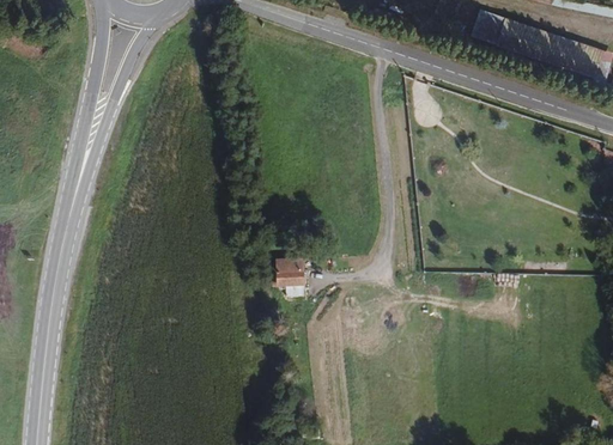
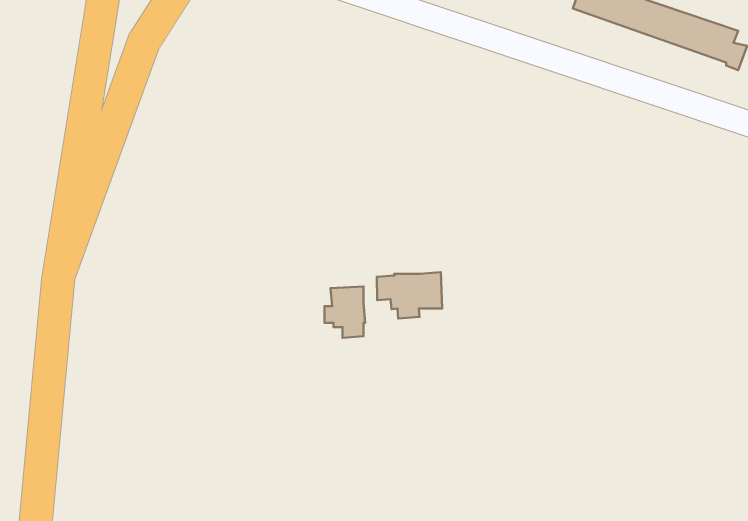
building: none -> [377,272,442,318]

